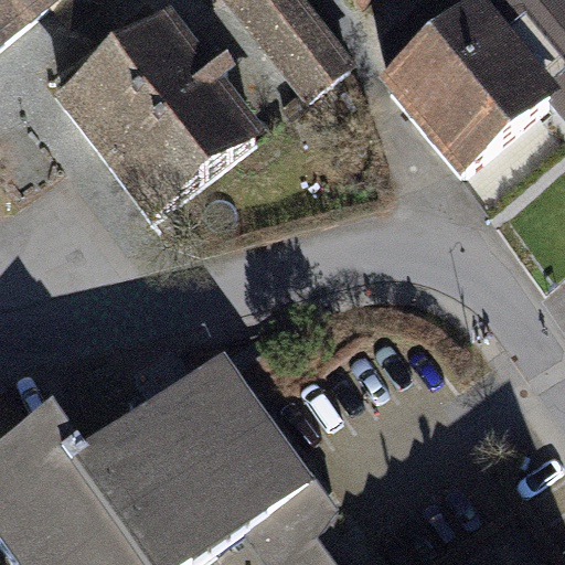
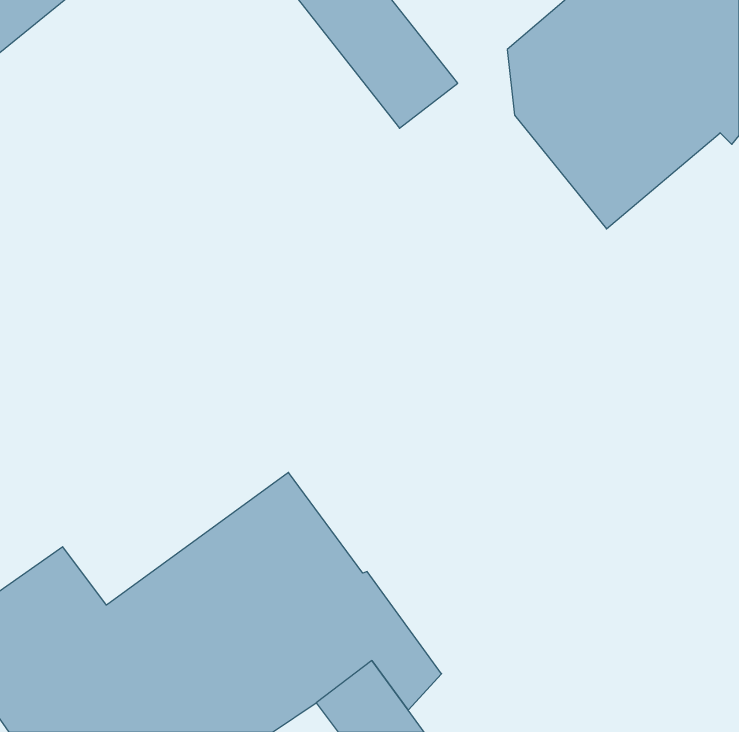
building: [62,21,255,218] -> none

